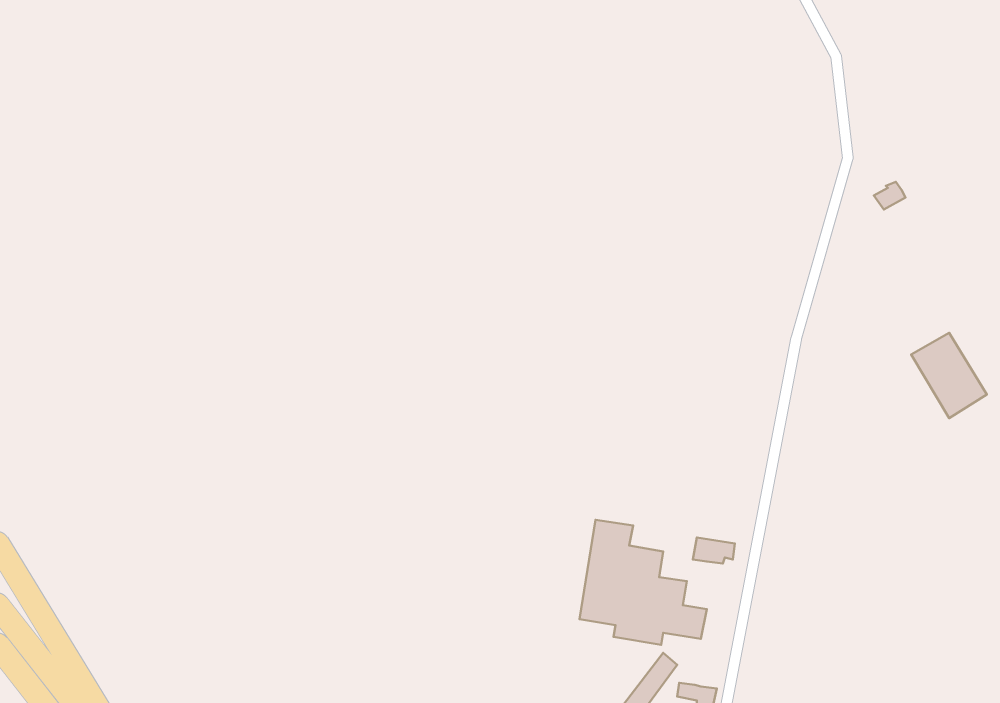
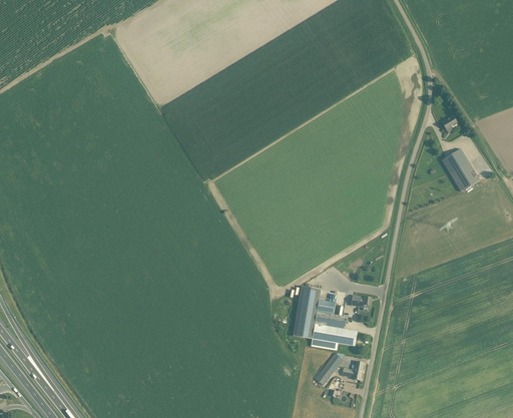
building: [911,333,987,418] -> [441,148,479,191]

